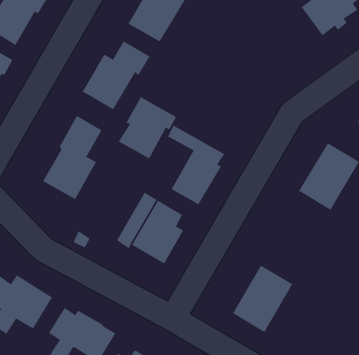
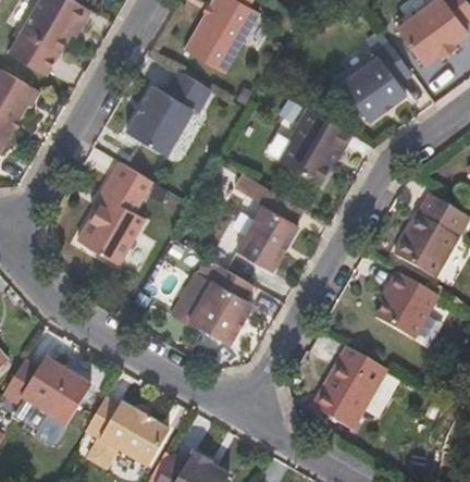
building: none -> [342,29,411,121]
building: [118,97,177,159] -> [280,107,352,184]
building: none -> [375,272,437,339]

